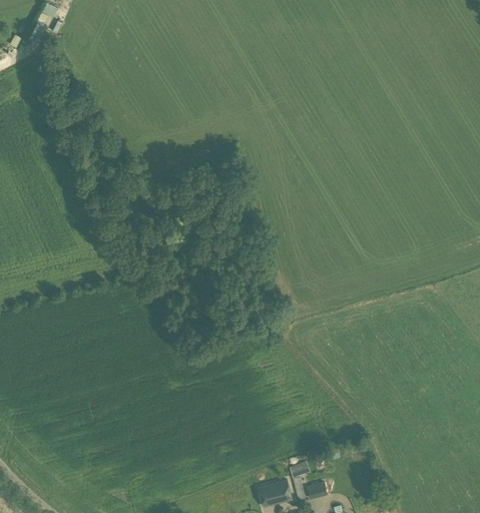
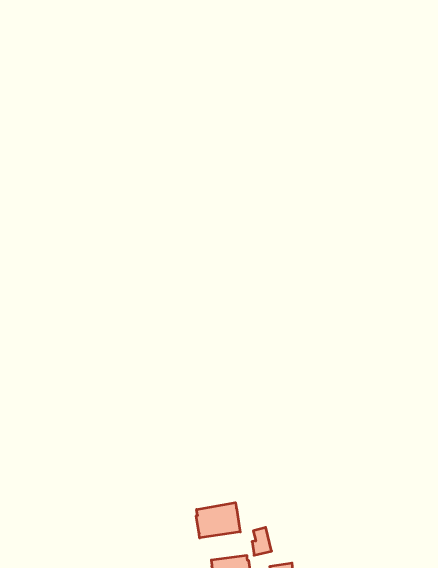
building: none -> [196,503,240,538]

